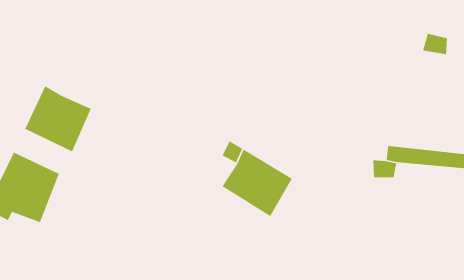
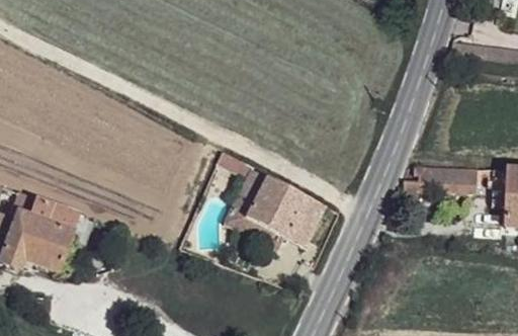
building: [24,85,92,153] -> none

